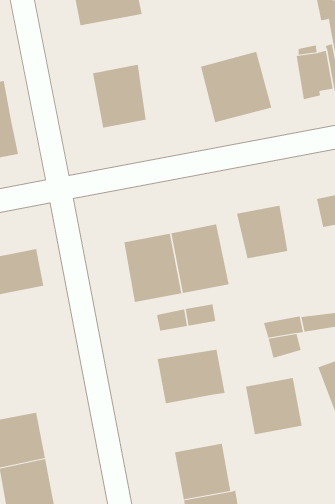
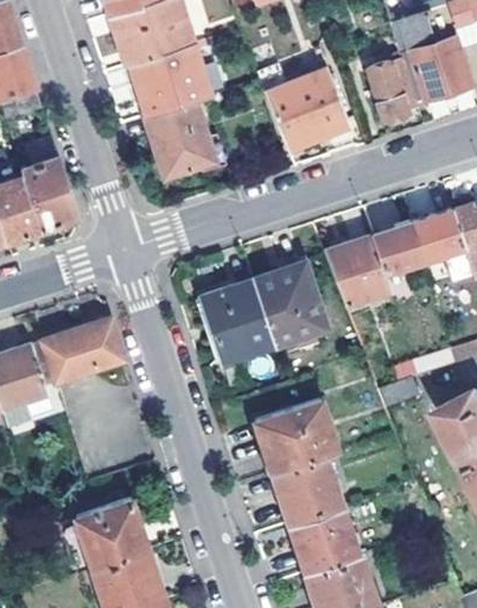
building: none -> [126,44,211,118]
building: none -> [373,224,422,267]
building: [245,378,302,435] -> [273,456,342,525]

